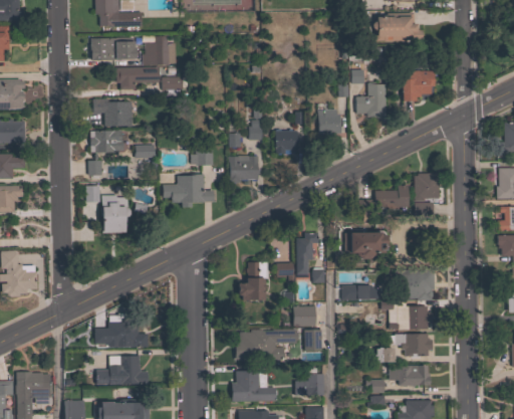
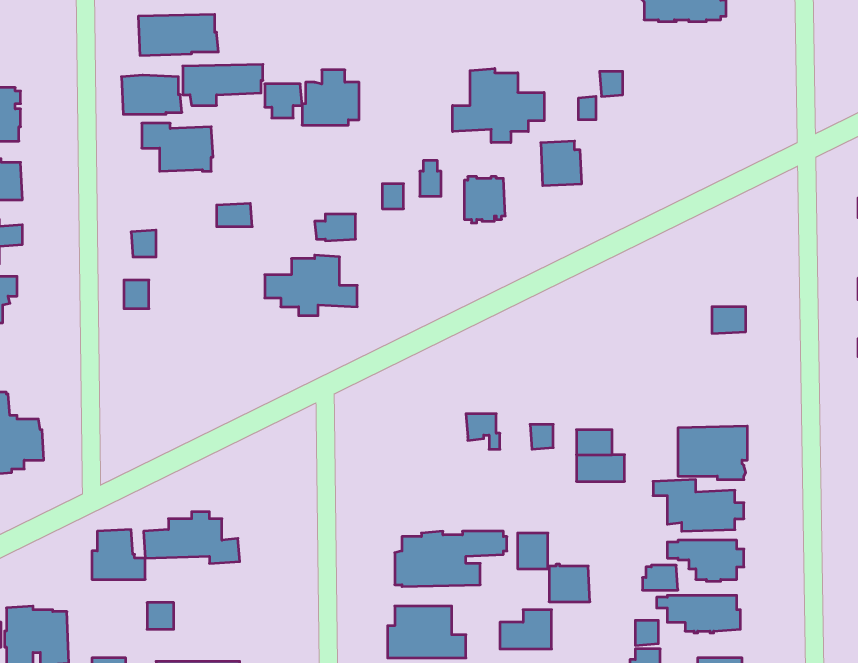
building: [144,35,176,66] -> [302,70,359,125]
building: none -> [453,68,544,143]
building: [403,71,435,101] -> none
building: [356,84,387,119] -> none
building: [90,130,124,152] -> [121,75,182,114]
building: [230,157,259,183] -> none
building: [415,174,439,201] -> none
building: [375,185,409,209] -> none
building: [100,196,130,232] -> none
building: [344,231,386,260] -> none
building: [296,233,318,274] -> none
building: [238,262,269,300] -> none
building: [293,305,316,327] -> [549,564,590,602]
building: [117,356,148,384] -> [92,530,145,579]

